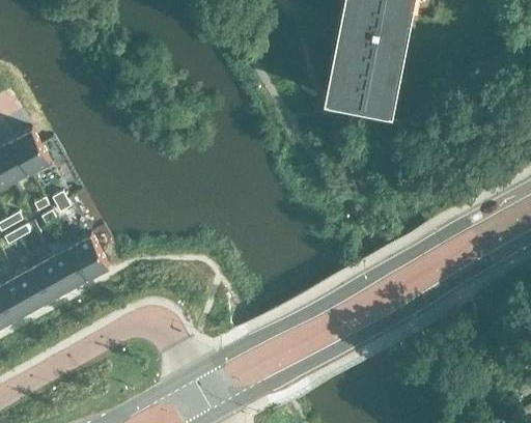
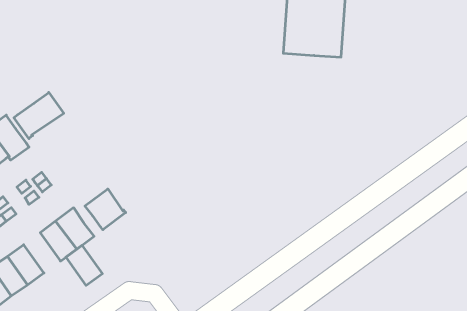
building: none -> [14,92,64,139]
building: none -> [85,189,126,230]
building: [33,257,69,300] -> [66,245,102,285]

